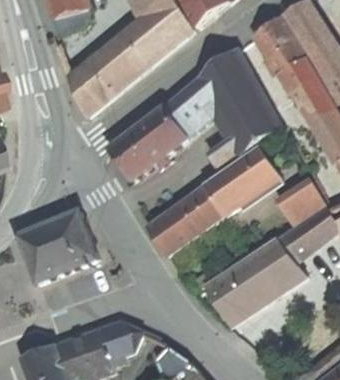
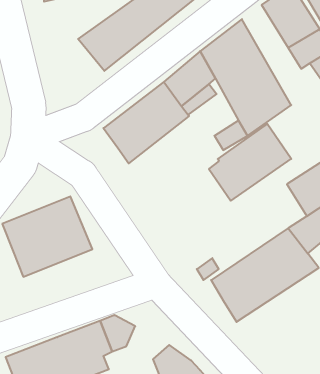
building: [69,67,109,115] -> none
building: [146,185,224,254] -> none

